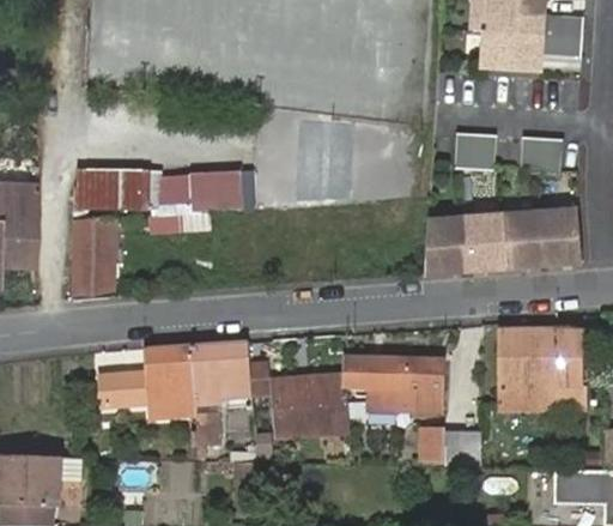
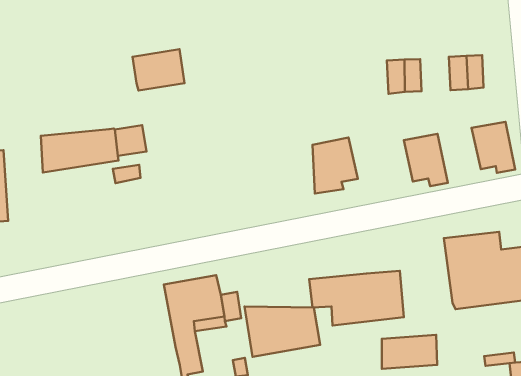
building: [187,169,239,208] -> [132,49,184,91]
building: [72,212,113,297] -> none
building: [503,214,545,271] -> none
building: [423,219,471,276] -> [313,137,358,194]
building: [99,345,195,415] -> none

